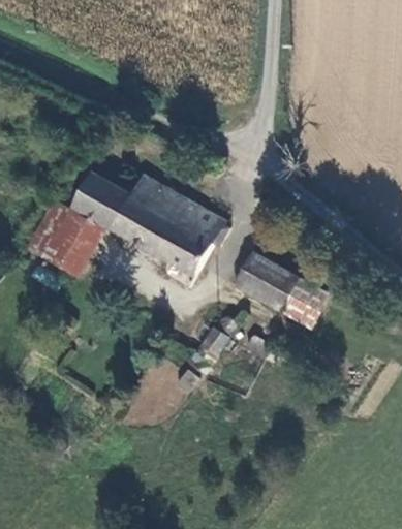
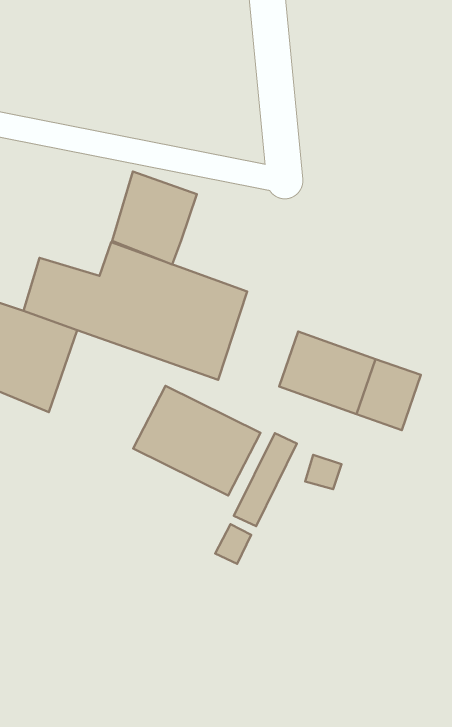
building: none -> [112,172,197,264]
building: none -> [133,386,261,495]

